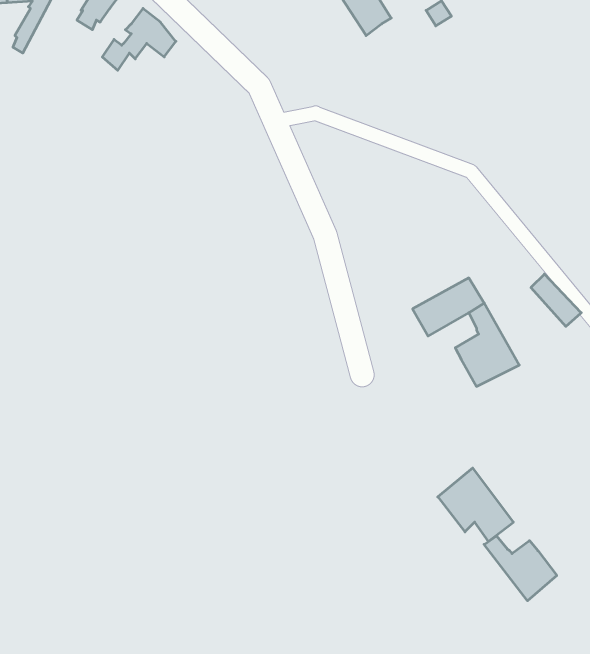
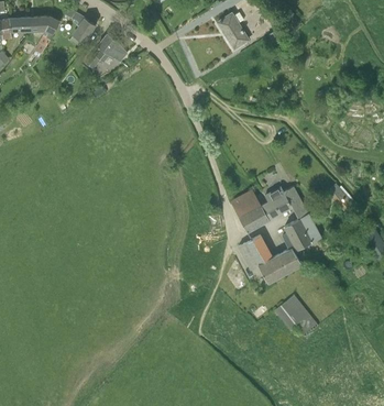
building: none -> [231,190,270,233]
building: none -> [238,233,300,283]
building: [484,536,557,601] -> none

